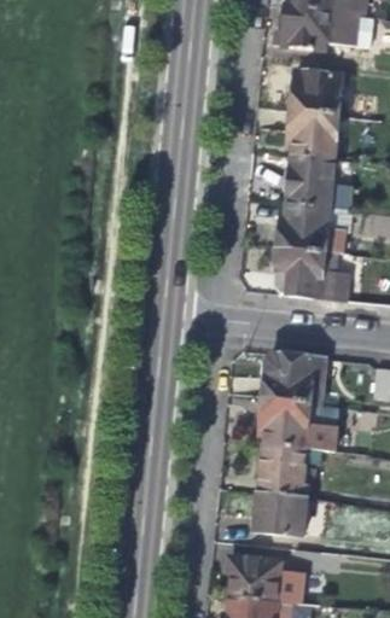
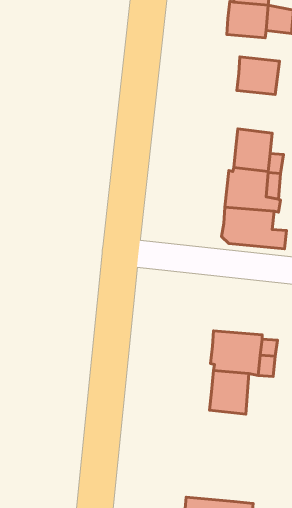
building: [287,111,337,162] -> none
building: [263,354,326,402] -> none
building: [255,491,307,536] -> none
building: [231,556,290,600] -> none

